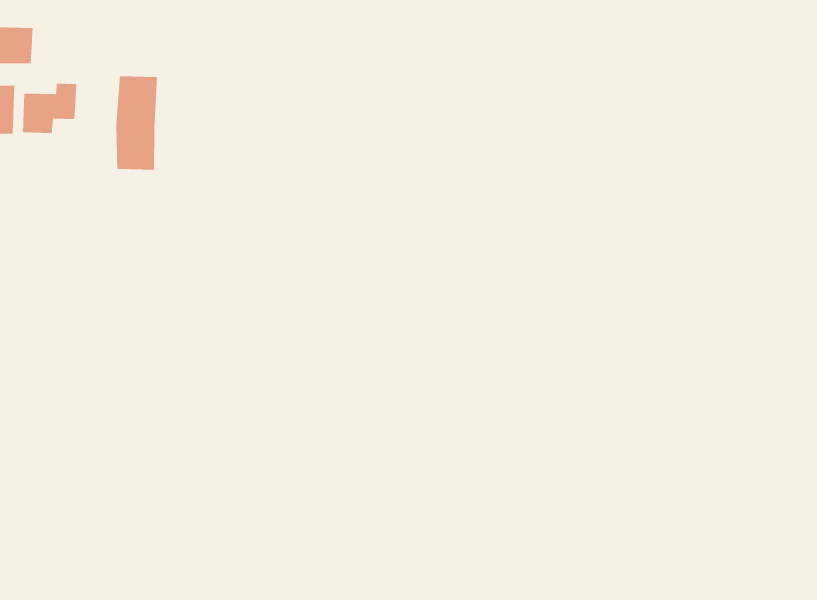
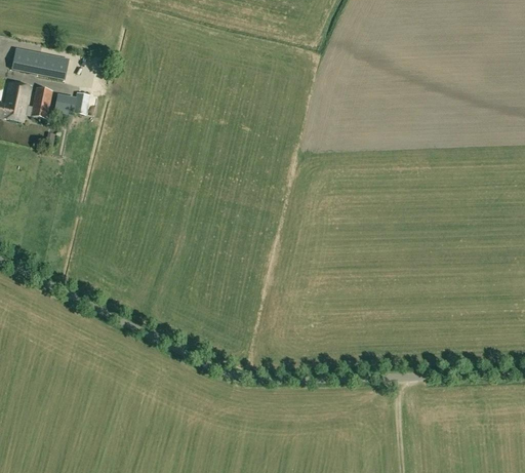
building: [116,75,157,171] -> none

